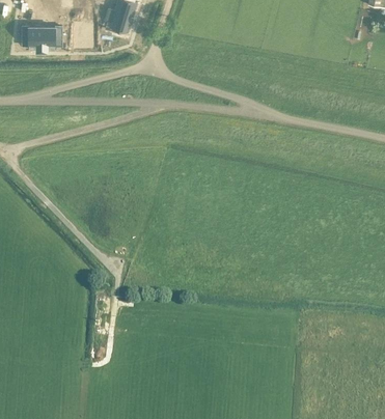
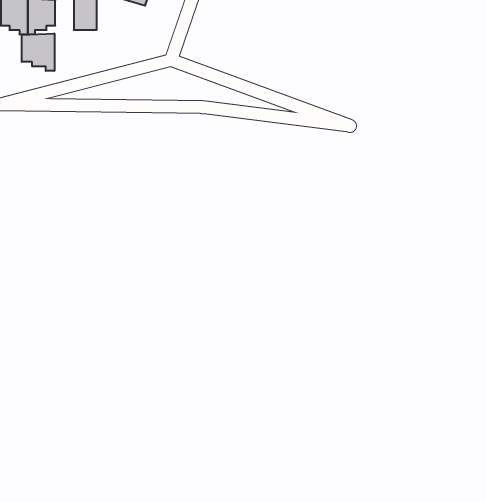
building: none -> [22,33,54,71]

